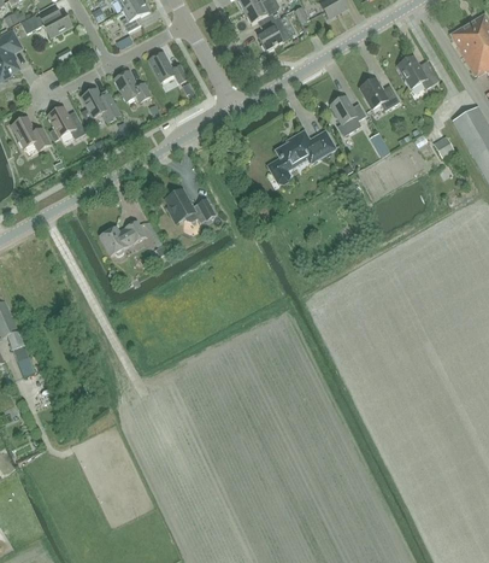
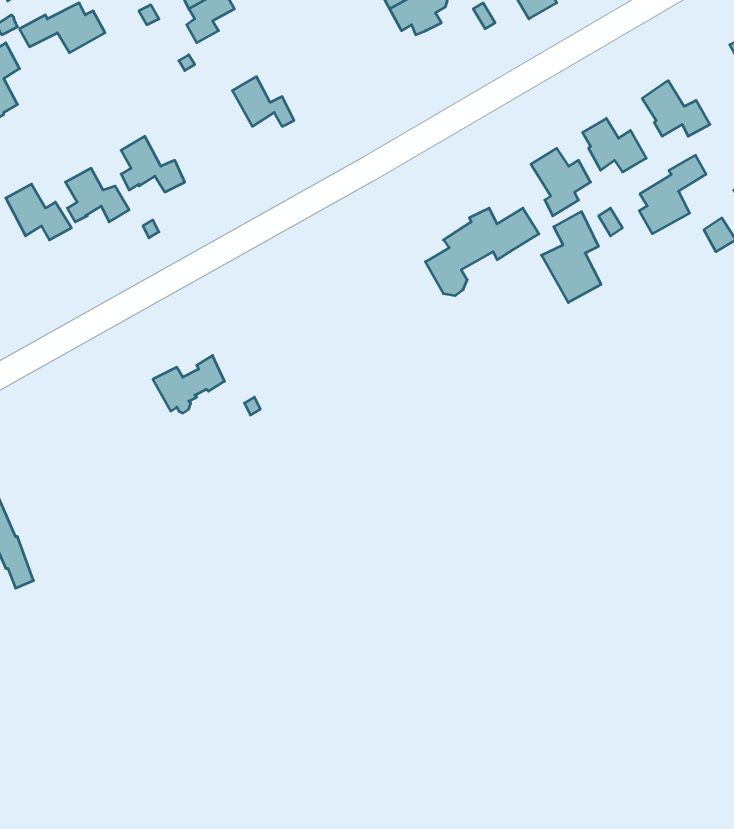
building: [259,13,294,49] -> none
building: [114,70,152,101] -> none
building: none -> [639,155,706,234]
building: none -> [541,212,601,303]
building: [165,188,214,222] -> none

